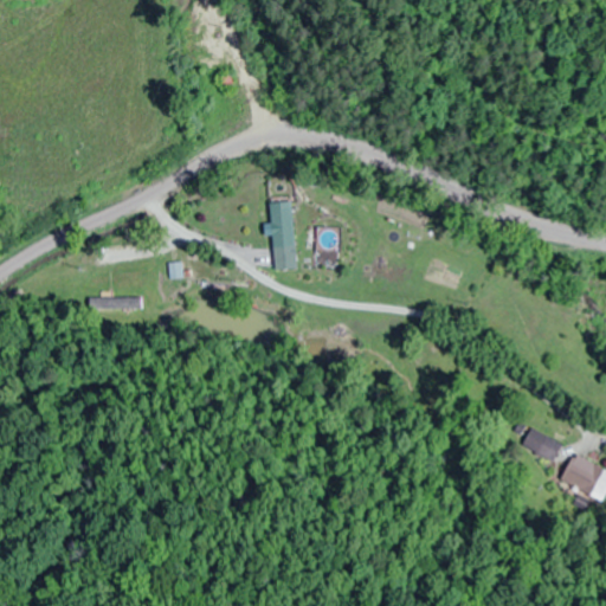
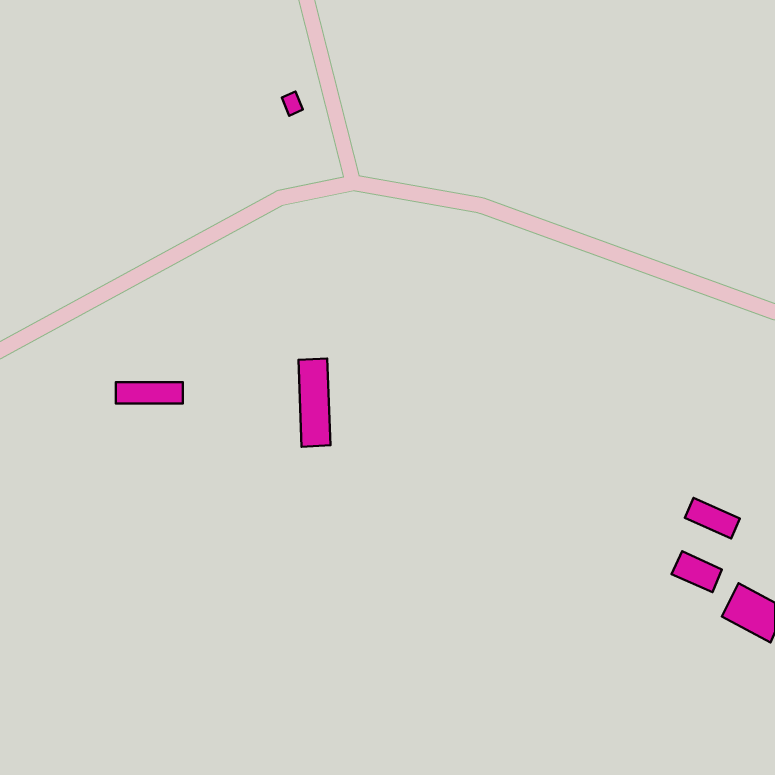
building: [270,201,295,270] -> [298,358,330,447]
building: none -> [685,498,740,538]

